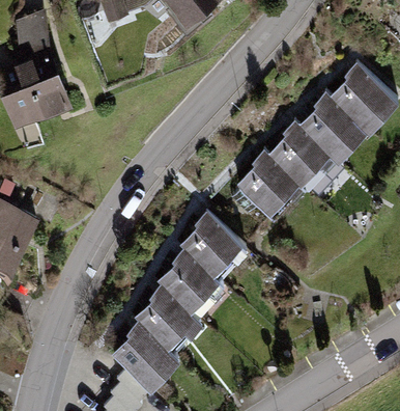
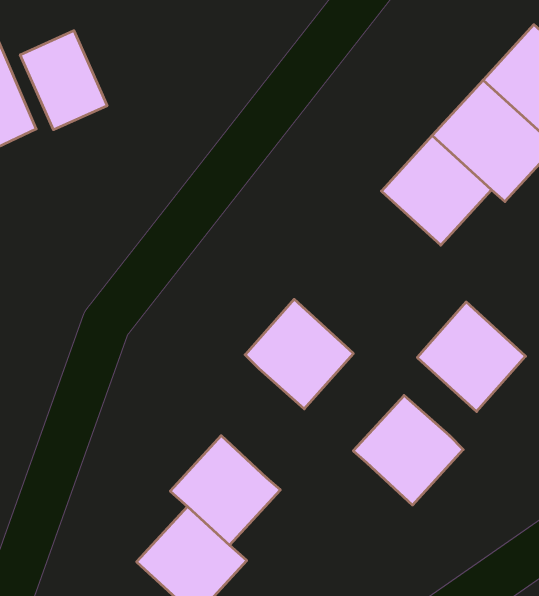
building: none -> [20,31,107,130]
building: [237,156,299,219] -> [417,302,526,412]
building: [160,253,223,317] -> [353,395,463,505]

